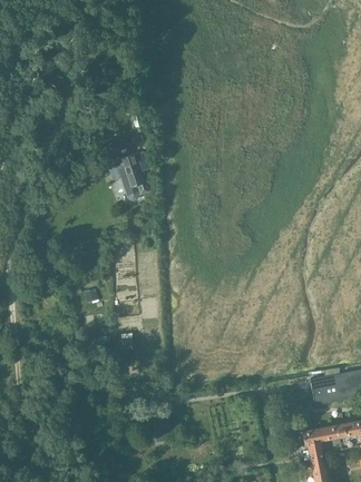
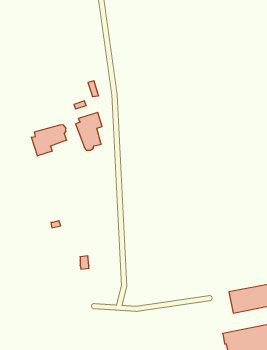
building: none -> [31,125,67,156]

